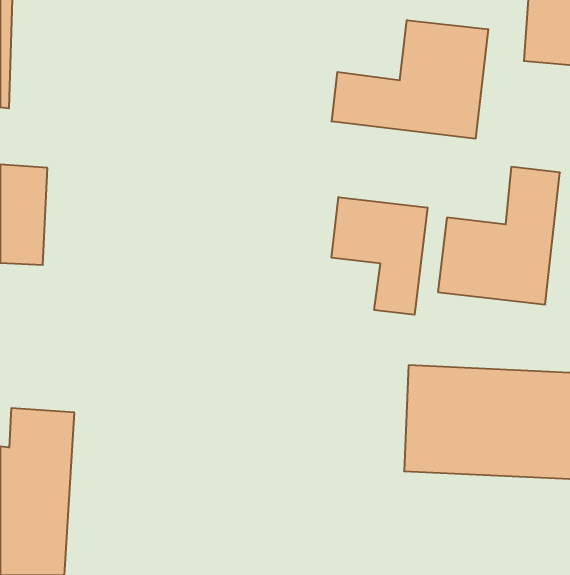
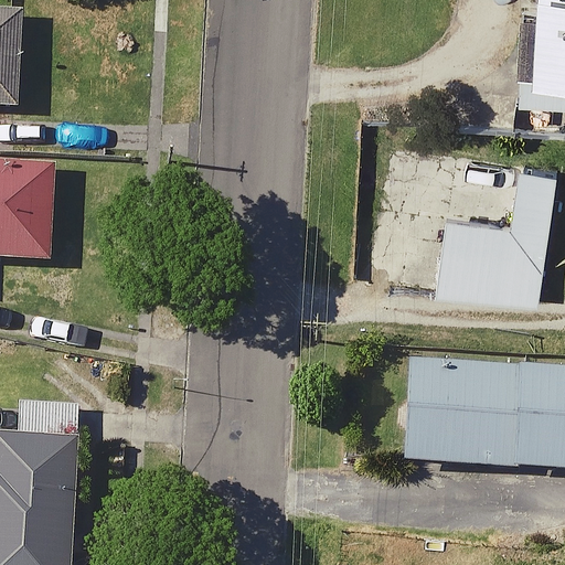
building: [332,20,488,139] -> none
building: [332,197,427,315] -> none

